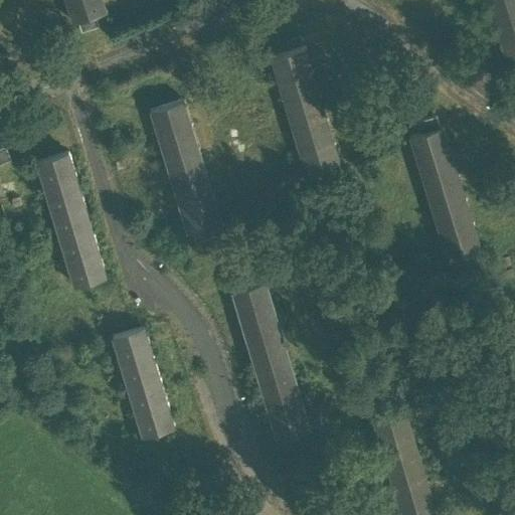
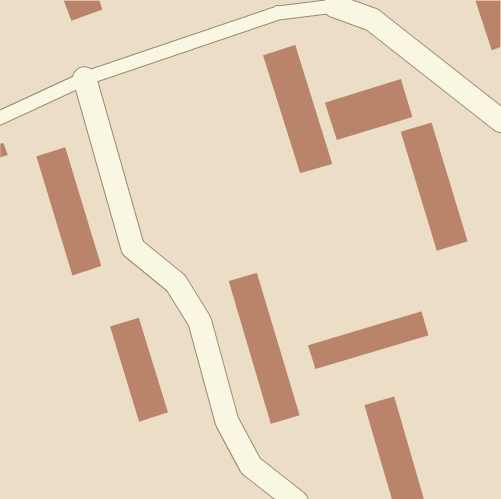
building: none -> [324,78,413,141]
building: [149,102,220,233] -> none
building: none -> [307,311,429,370]

